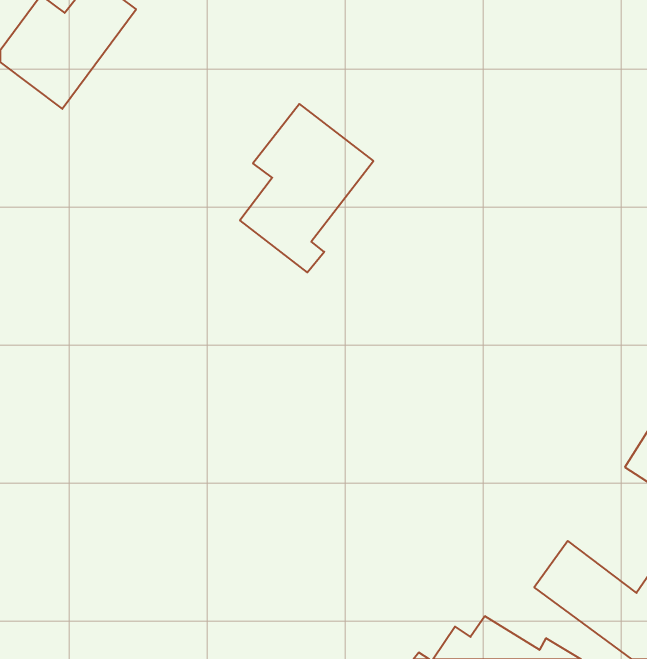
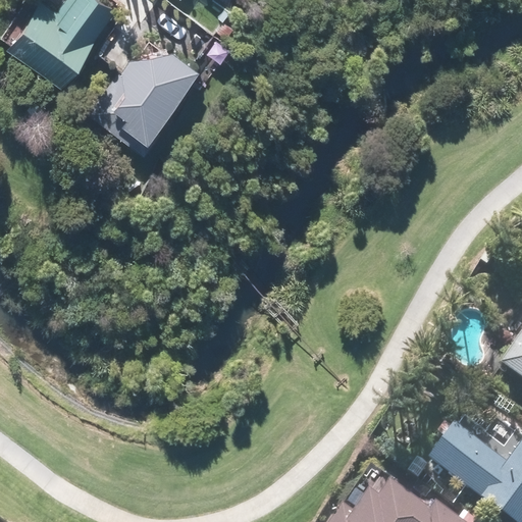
building: [240,104,373,272] -> [101,25,206,158]

